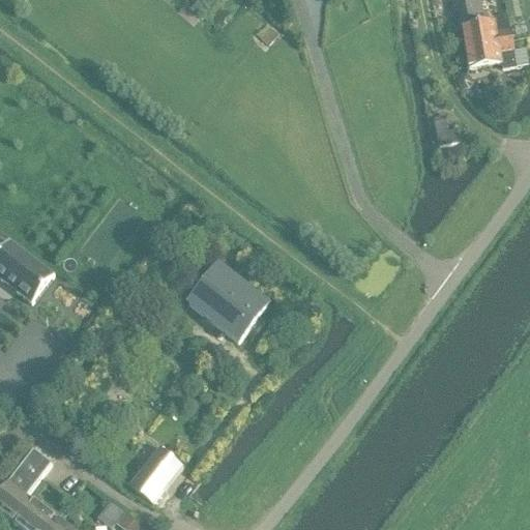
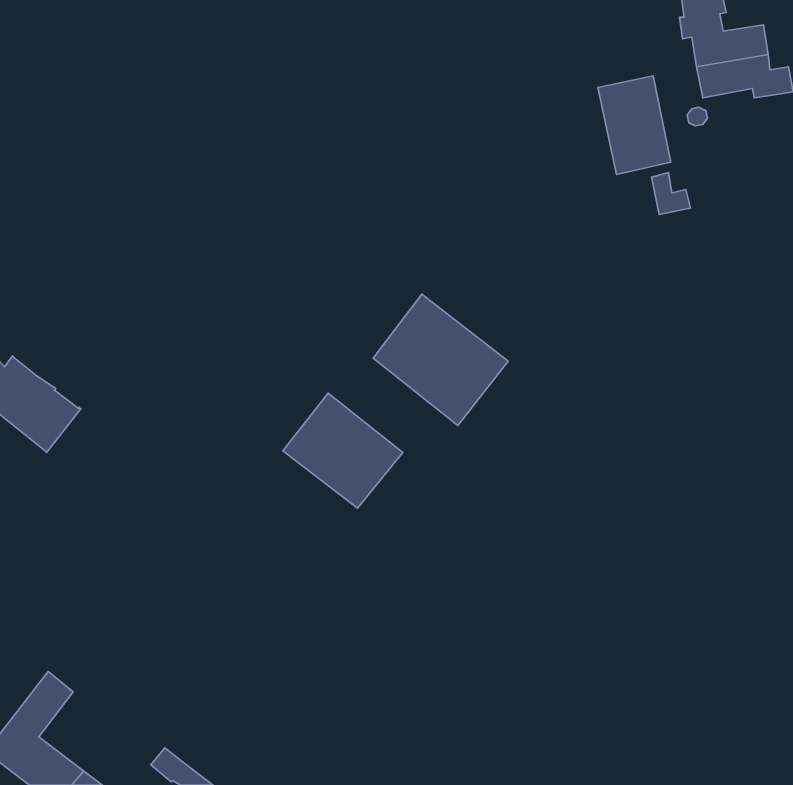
building: none -> [598,76,671,174]
building: none -> [373,294,508,425]
building: [129,444,182,501] -> none

